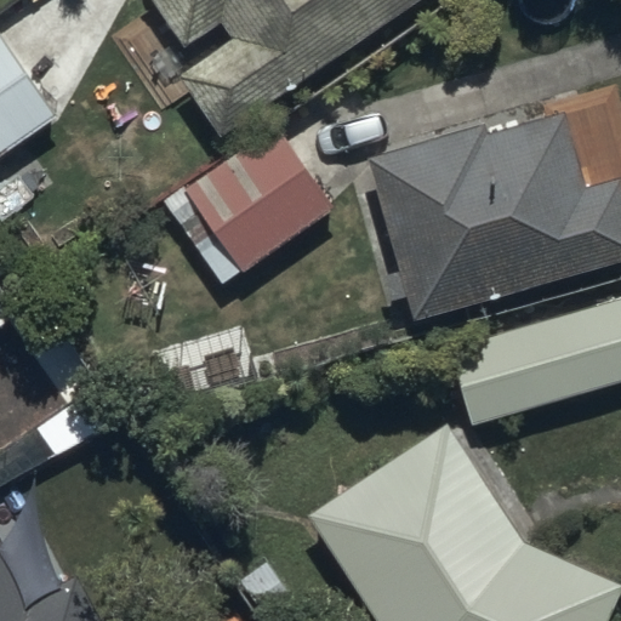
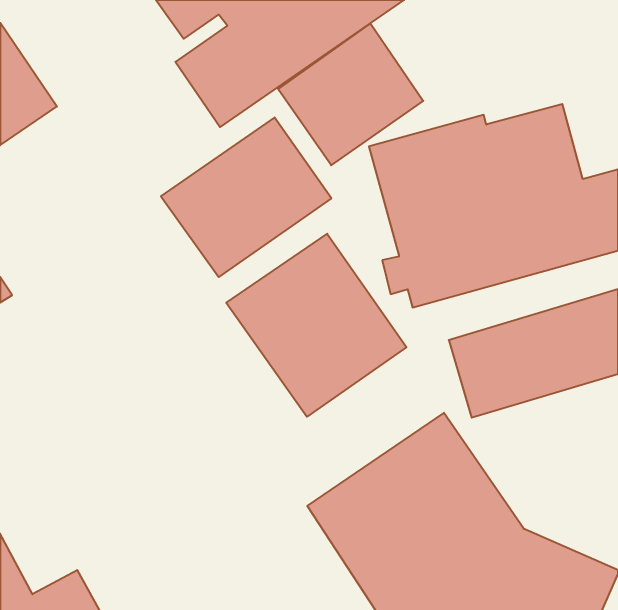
building: none -> [278,24,423,165]
building: none -> [226,234,406,417]

